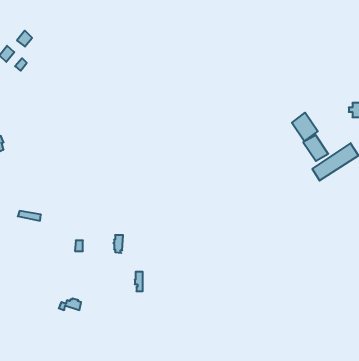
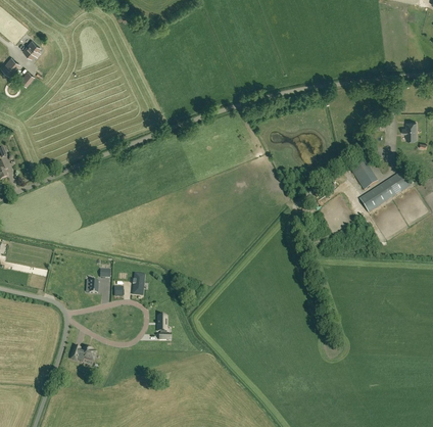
building: [292,113,318,141] -> none

